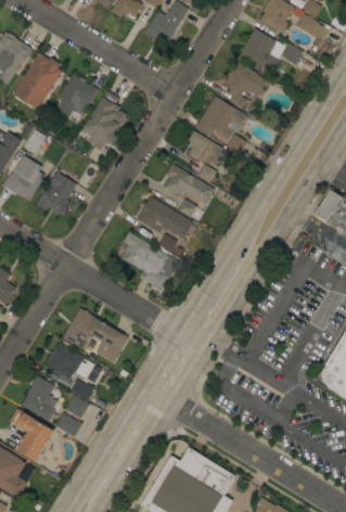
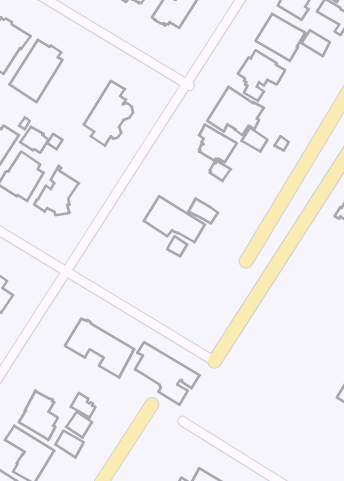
building: [51,75,99,124] -> none
building: [164,164,215,204] -> none
building: [120,232,180,290] -> [135,342,200,405]
building: [44,344,94,380] -> none

